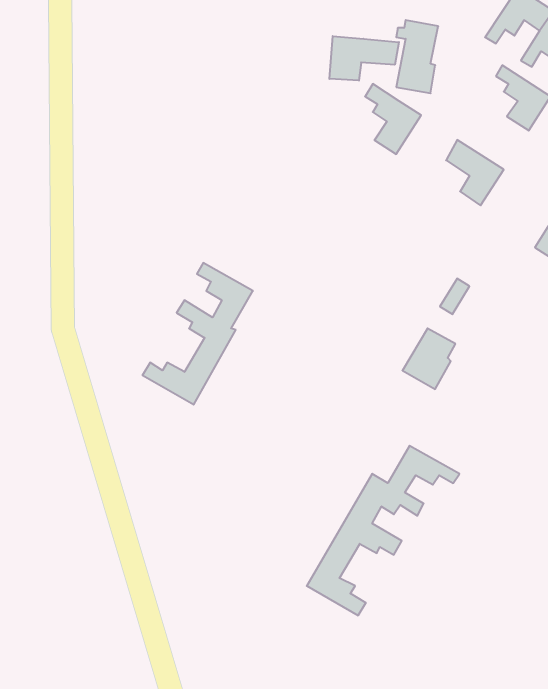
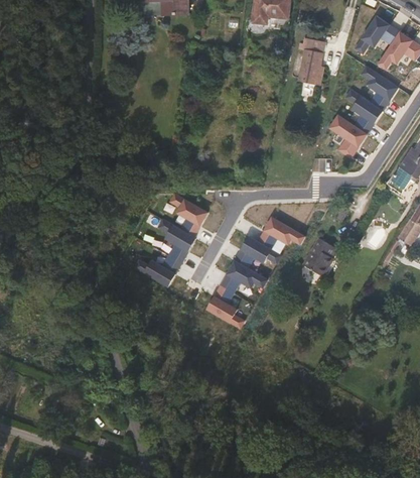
building: [329,36,399,81] -> none
building: [365,84,421,154] -> [347,89,384,134]
building: [307,446,459,615] -> [205,219,304,329]

